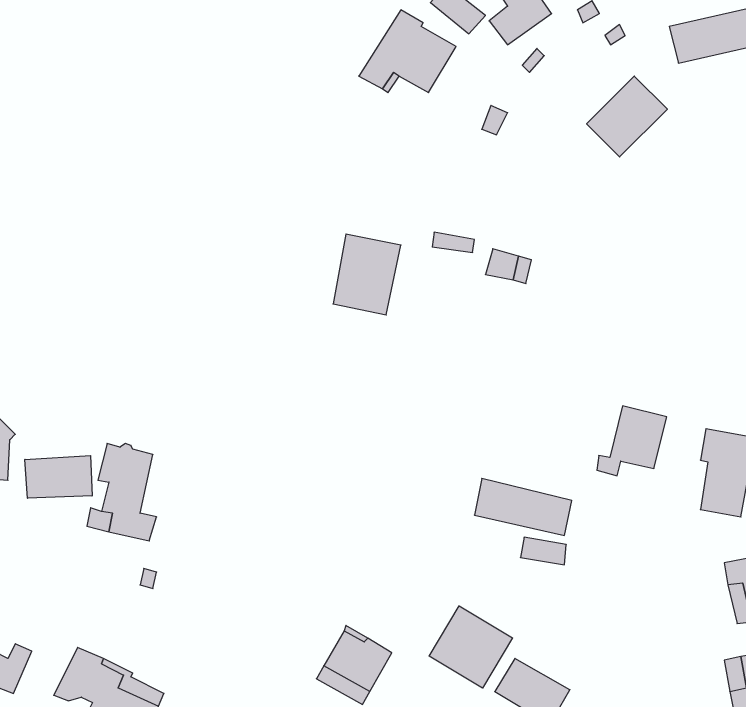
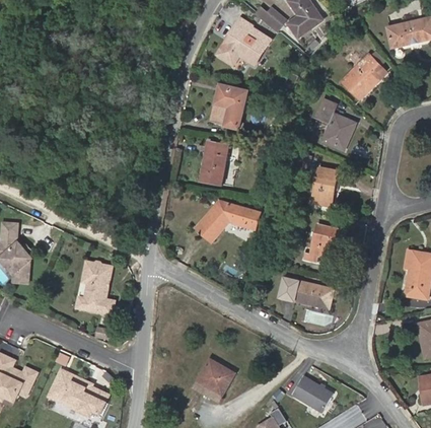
building: none -> [212,85,247,129]
building: none -> [316,99,355,150]
building: none -> [311,167,337,206]
building: none -> [197,201,260,241]
building: [597,406,667,476] -> [303,224,342,263]
building: [25,456,92,498] -> none
building: [429,606,513,688] -> none

